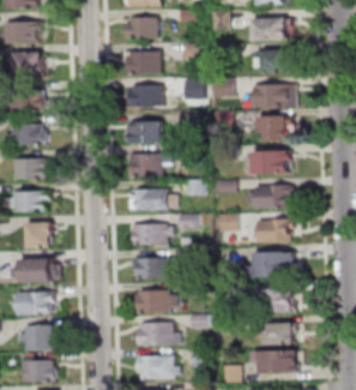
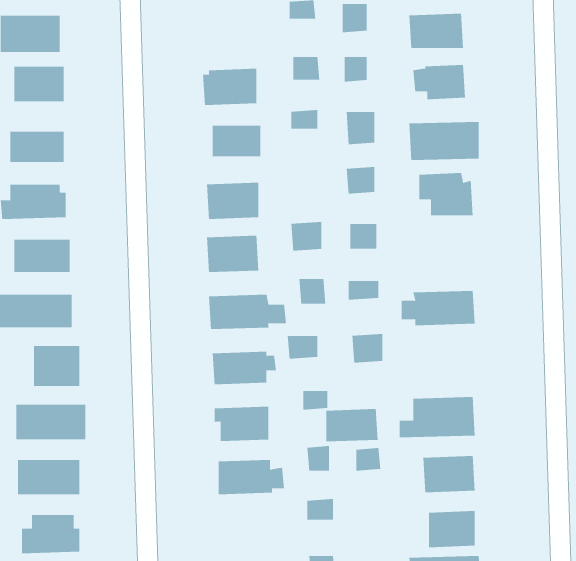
building: [126,18,157,40] -> none
building: [253,150,289,174] -> none
building: [258,221,290,241] -> [325,409,378,442]
building: [138,323,180,346] -> none

